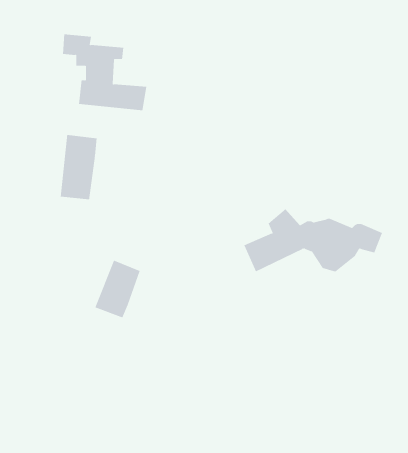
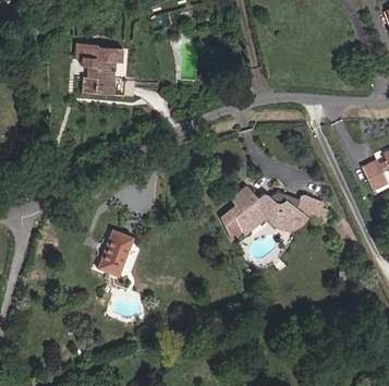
building: [60,134,97,200] -> none

